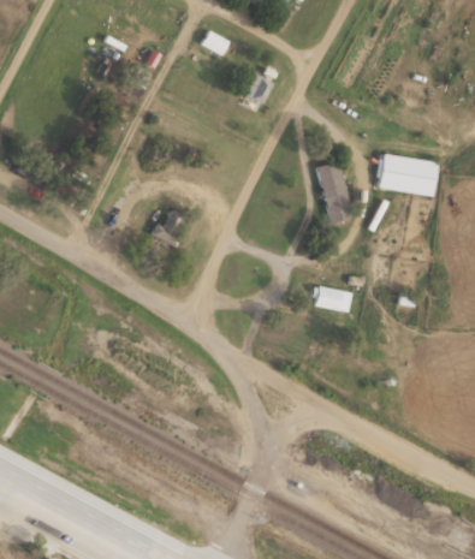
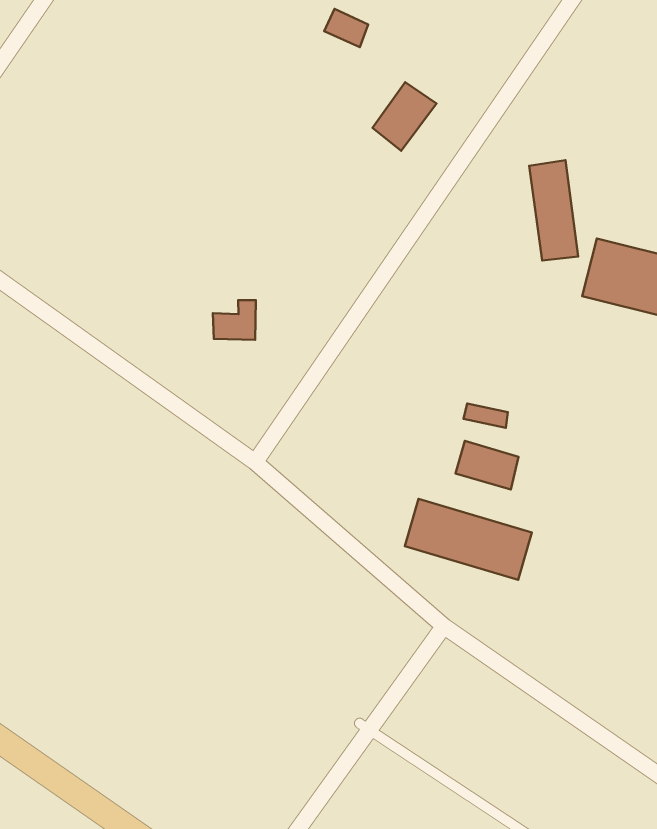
building: [316,161,352,224] -> [529,160,578,260]
building: none -> [405,499,532,580]

